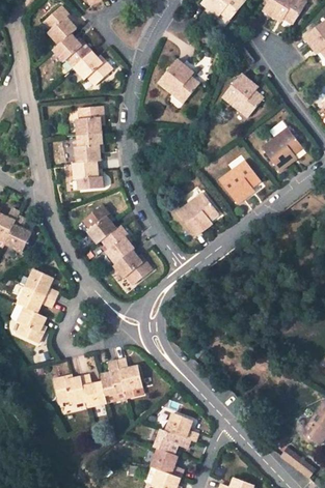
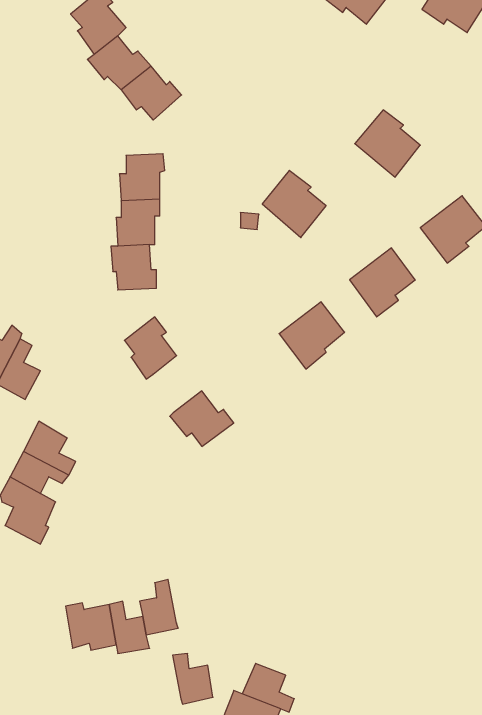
building: [159,63,198,105] -> [262,170,326,238]
building: [98,223,130,261] -> none
building: [107,363,132,394] -> [173,654,213,704]

